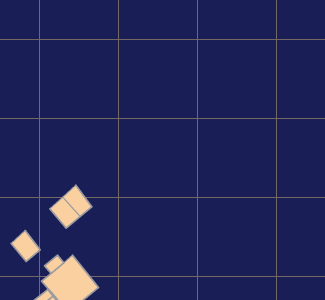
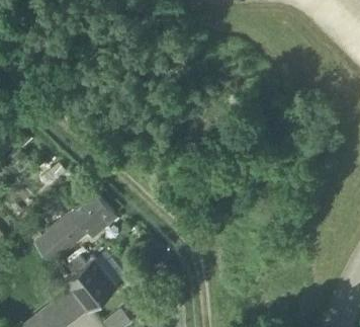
building: none -> [47,215,85,253]

